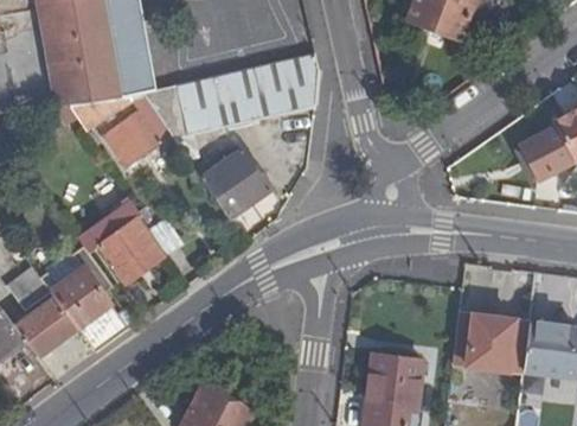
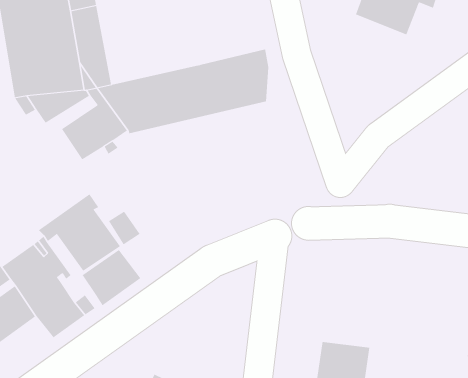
building: [200,150,270,221] -> none
building: none -> [82,249,141,306]
building: [466,316,513,371] -> none

